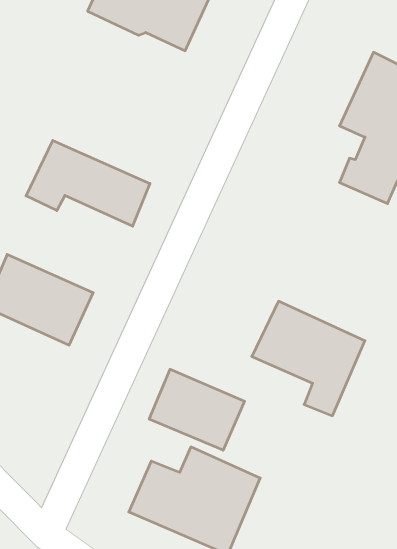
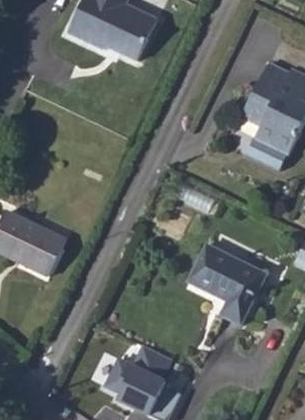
building: [26,140,150,226] -> none
building: [149,369,245,450] -> none

